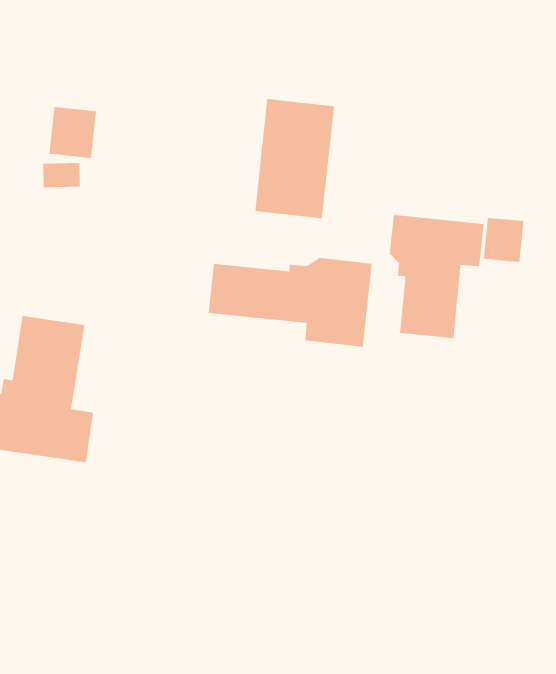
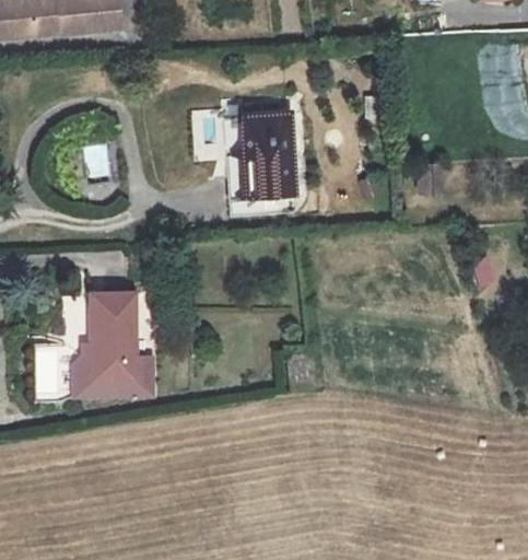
building: [389,214,484,339] -> none
building: [208,257,372,347] -> none

